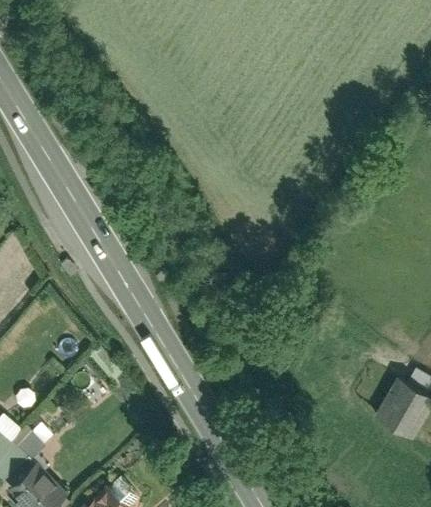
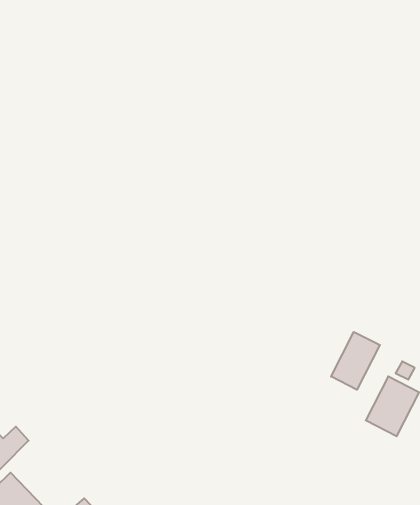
building: none -> [331,332,380,390]

